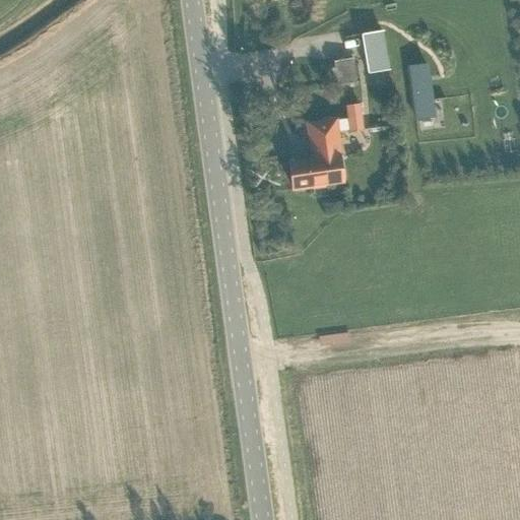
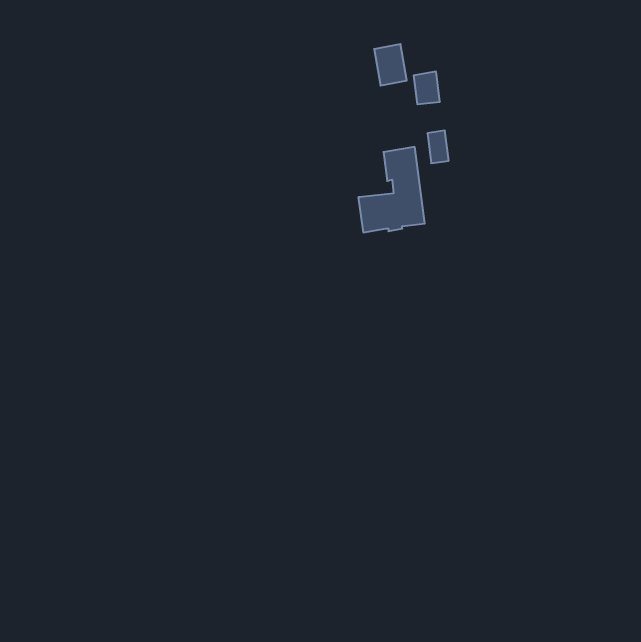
building: [362,30,388,64] -> [374,44,407,86]
building: [409,64,435,119] -> none

